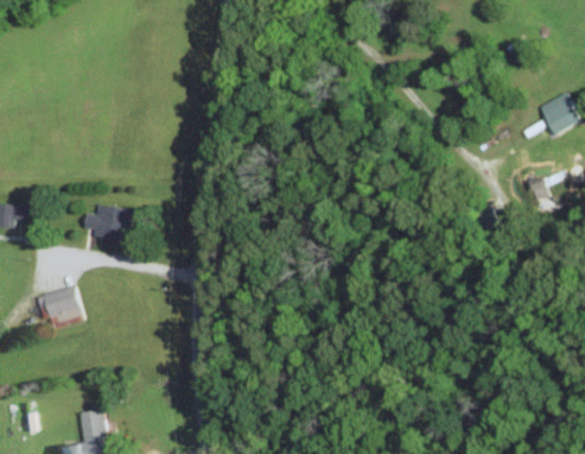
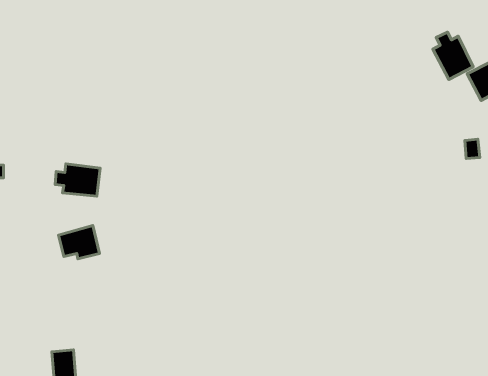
building: none -> [433,32,473,79]
building: [34,285,80,322] -> [59,225,99,259]

